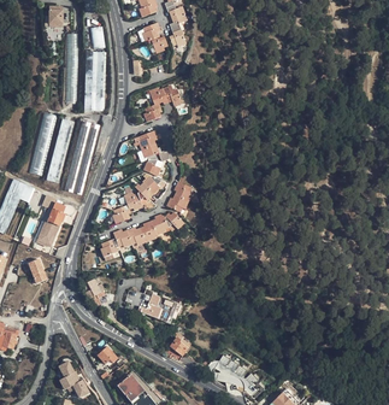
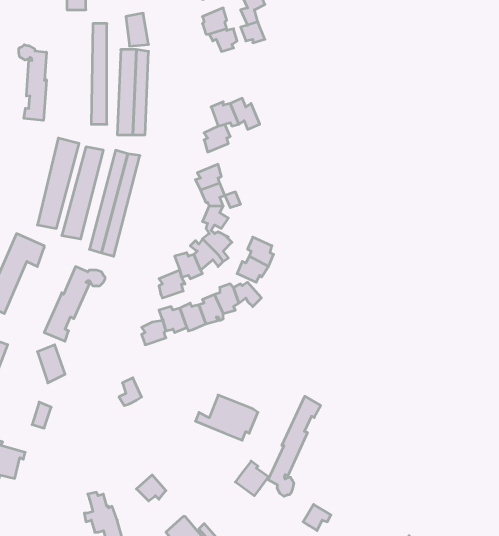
building: none -> [19,45,46,120]
building: none -> [268,396,321,496]

